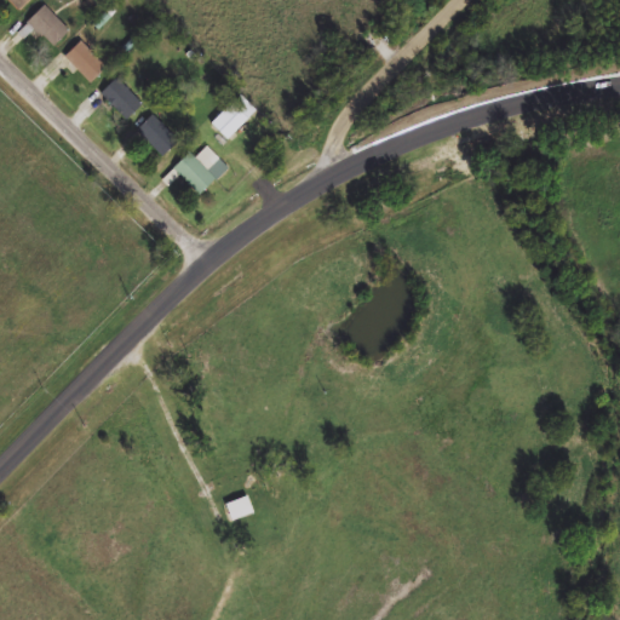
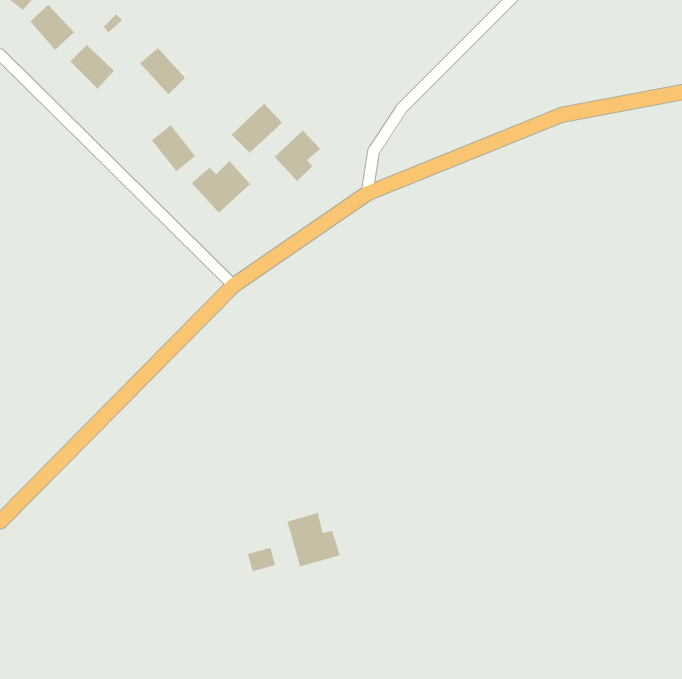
building: [99,76,142,120] -> [139,47,186,95]
building: none -> [274,130,321,182]
building: none -> [287,512,341,567]

